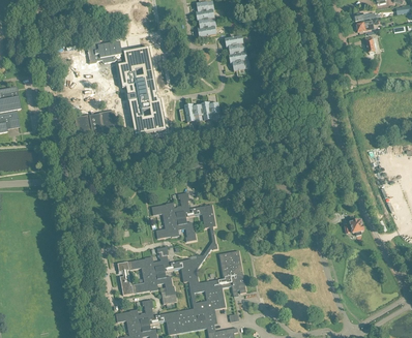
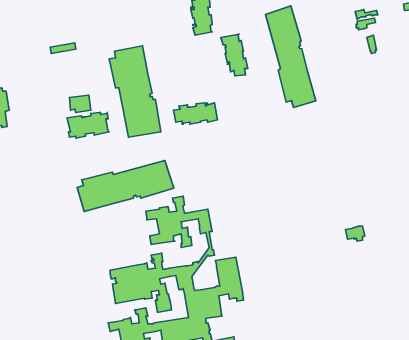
building: none -> [266,6,316,108]
building: [88,40,122,63] -> none
building: none -> [77,160,174,212]

